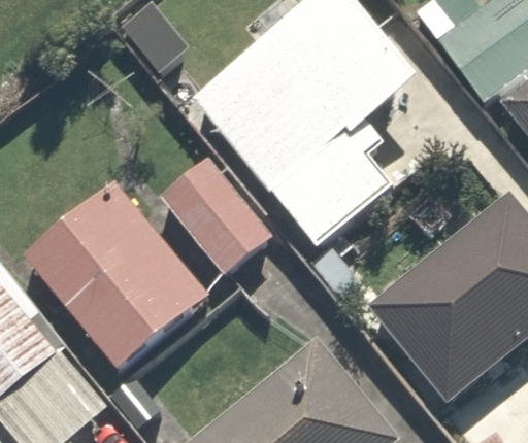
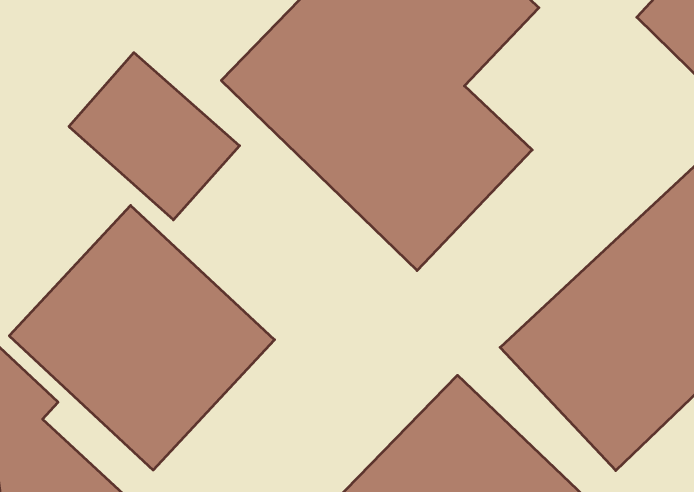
building: [154,151,270,271] -> [69,53,240,220]

